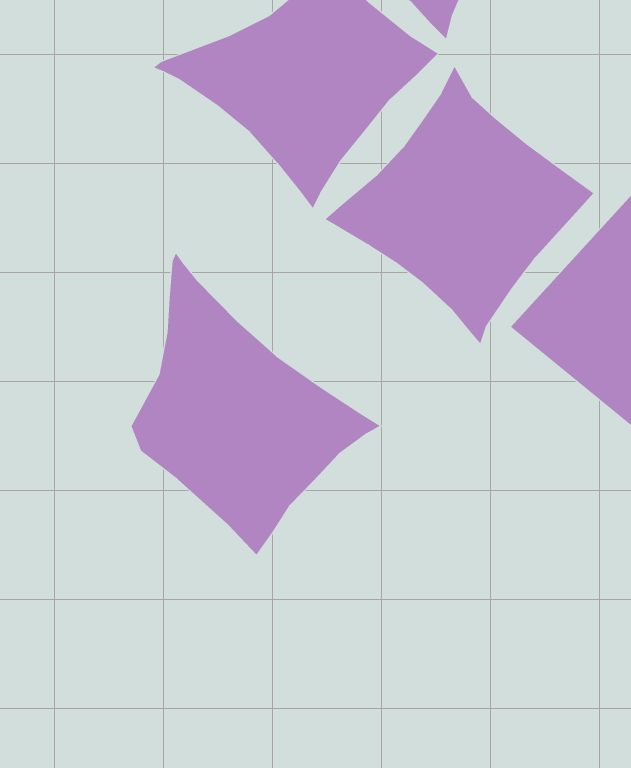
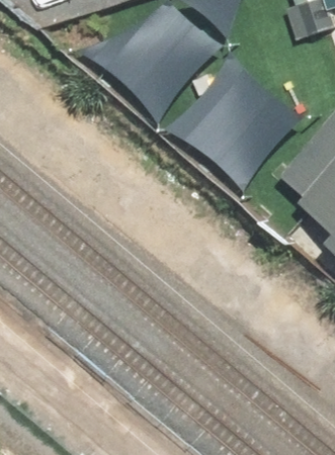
building: [131,252,381,555] -> none

